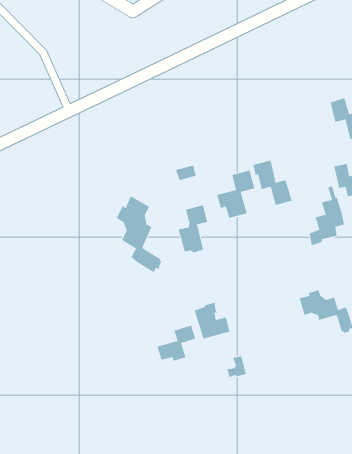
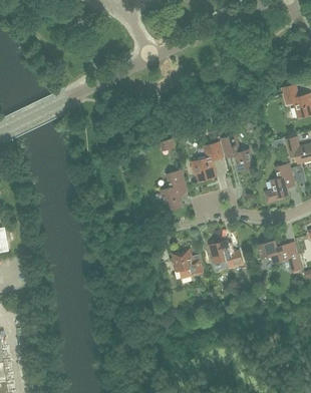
building: [116,195,162,273] -> none
building: none -> [209,240,243,267]
building: [157,325,196,362] -> none

